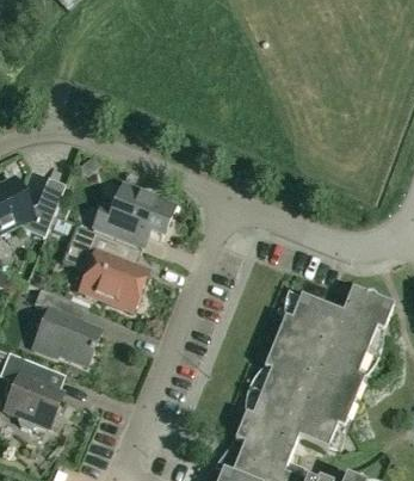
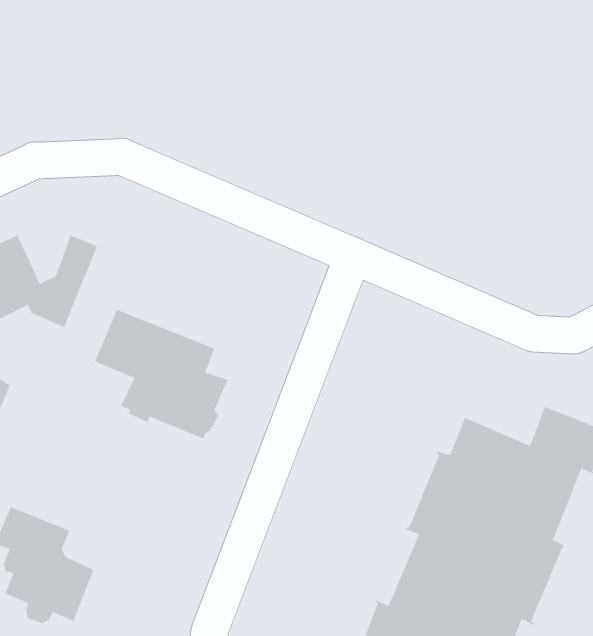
building: [92,181,175,246] -> none
building: [32,288,100,365] -> none

